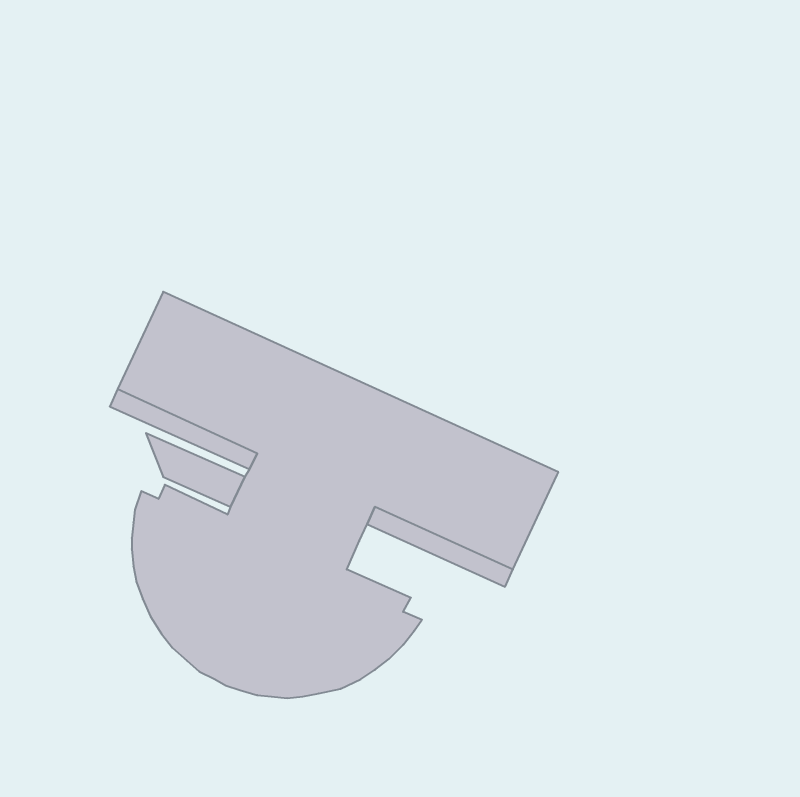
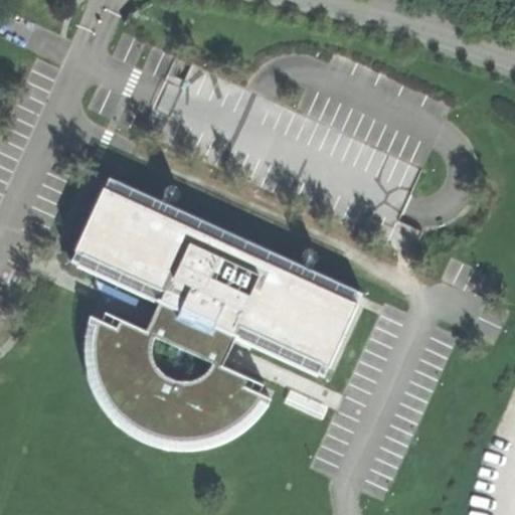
building: none -> [105,176,362,303]

